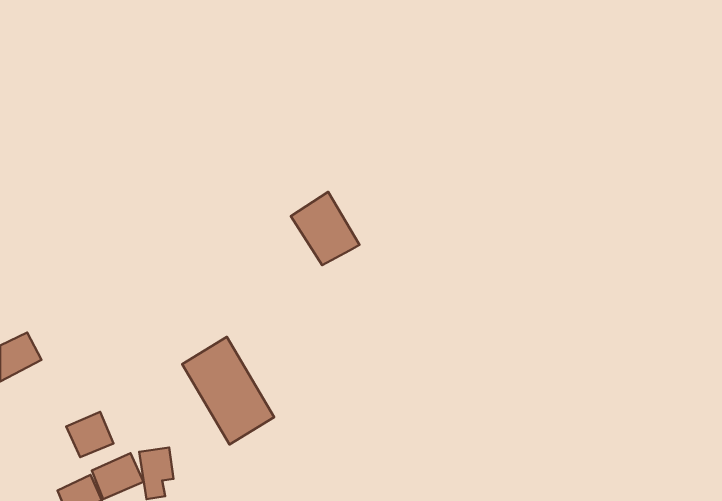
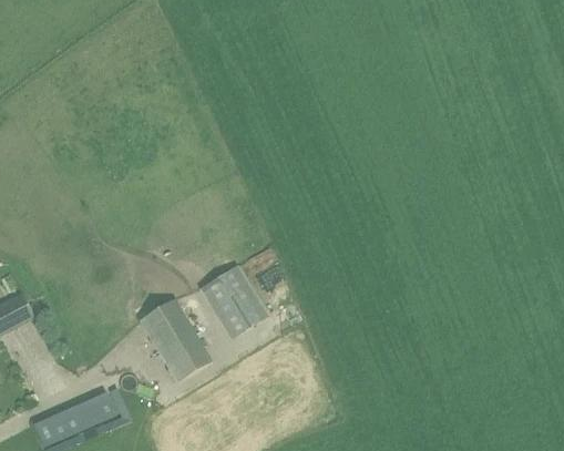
building: [291,192,360,265] -> [209,278,263,335]
building: [66,412,113,457] -> none

